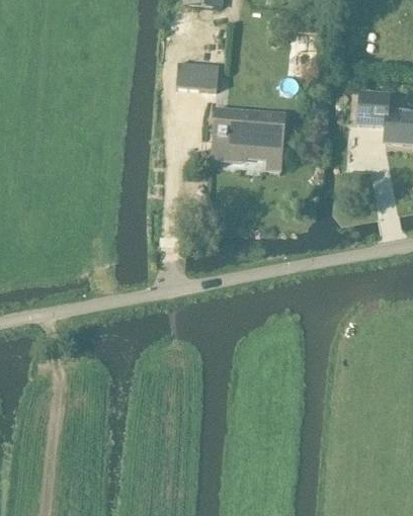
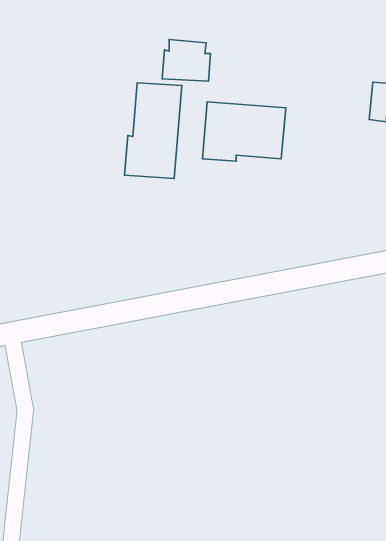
building: none -> [125,83,182,179]

